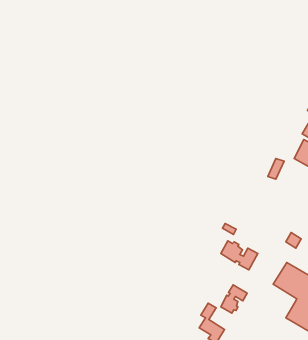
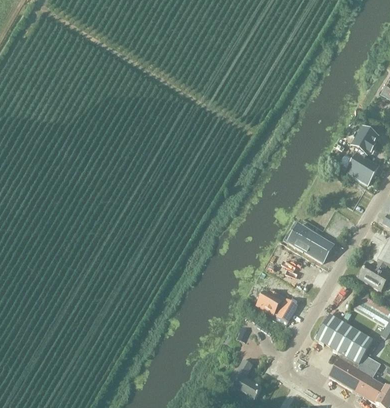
building: none -> [288,224,333,261]
building: [221,285,247,313] -> none

